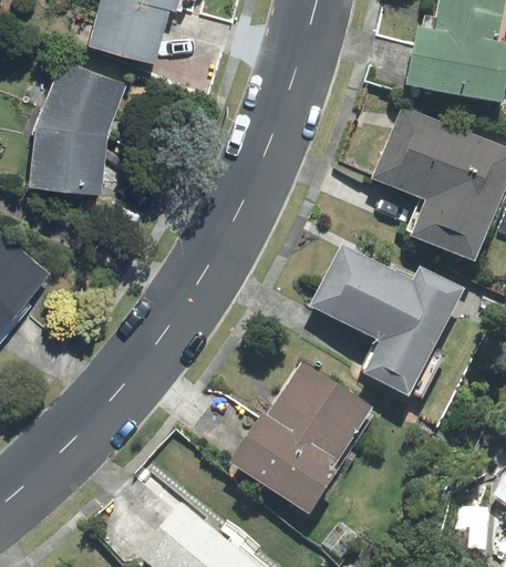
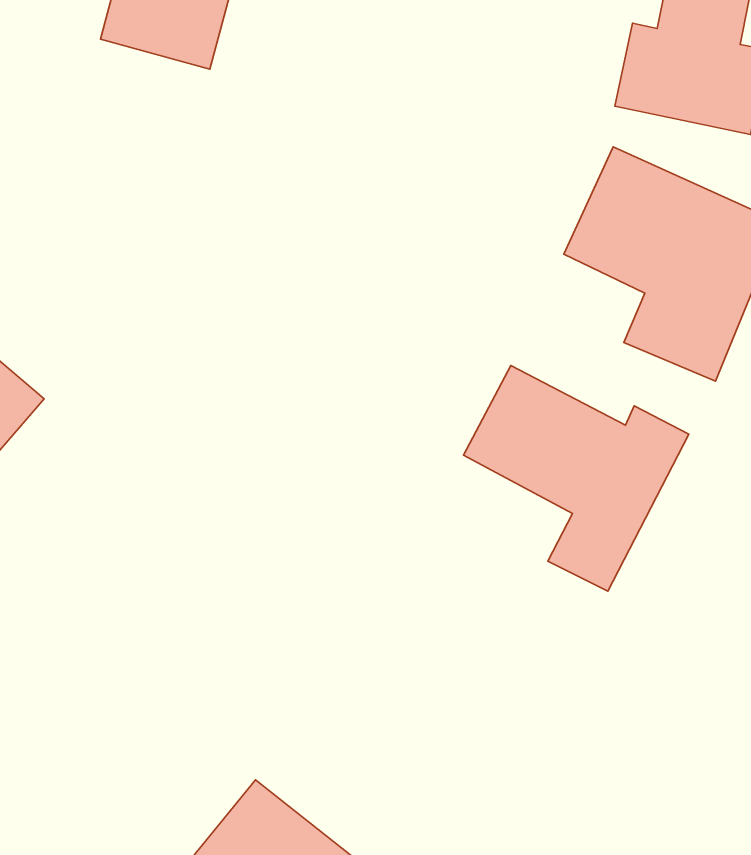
building: [29,56,130,192] -> none
building: [231,372,361,515] -> none

